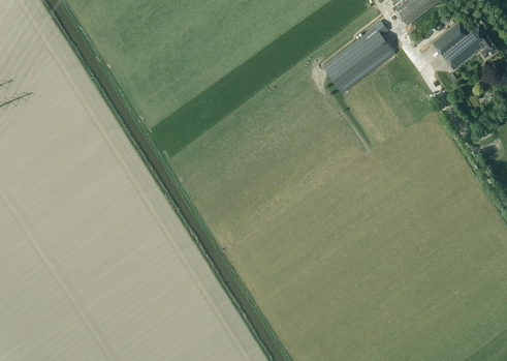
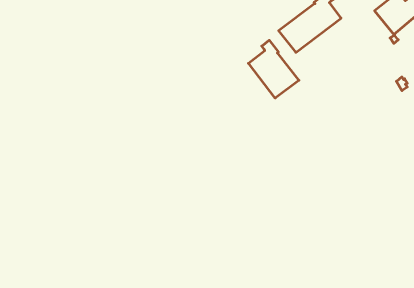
building: none -> [248,40,299,98]

